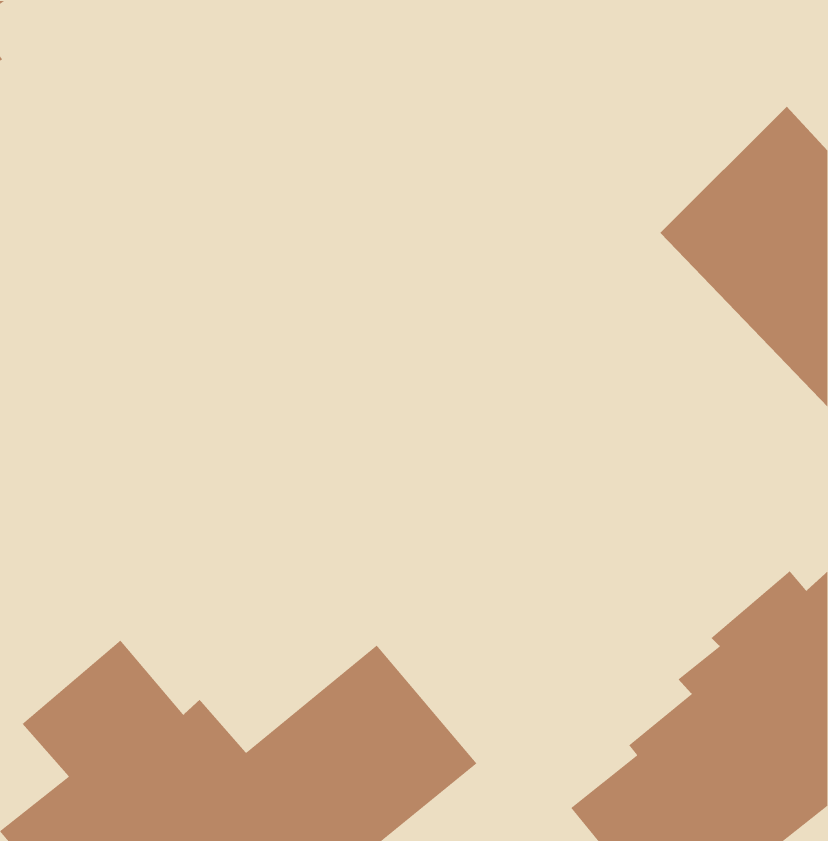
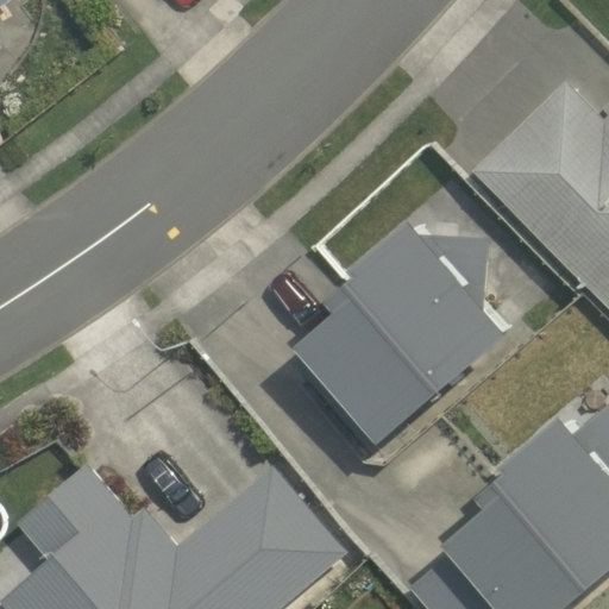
building: none -> [293,215,513,453]

